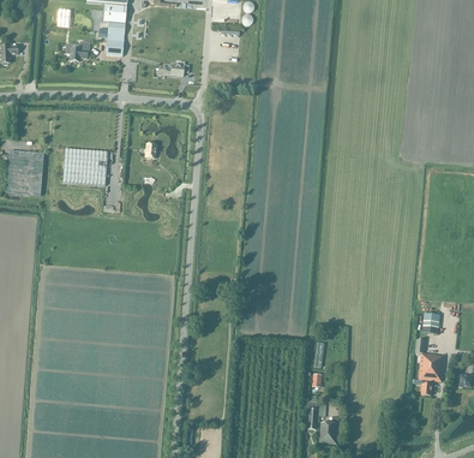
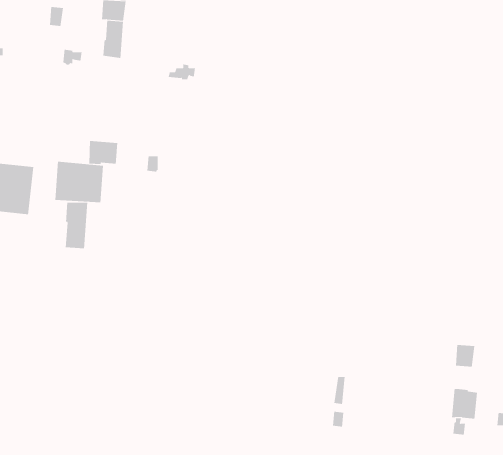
building: none -> [89,140,118,165]
building: none -> [65,202,88,249]

